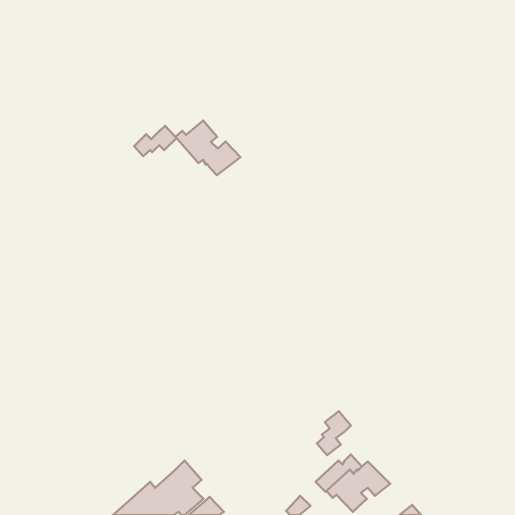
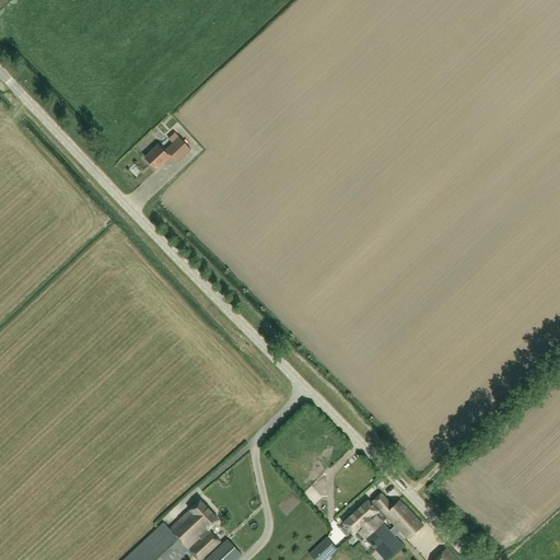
building: [176,121,240,175] -> none
building: [317,411,351,455] -> none

